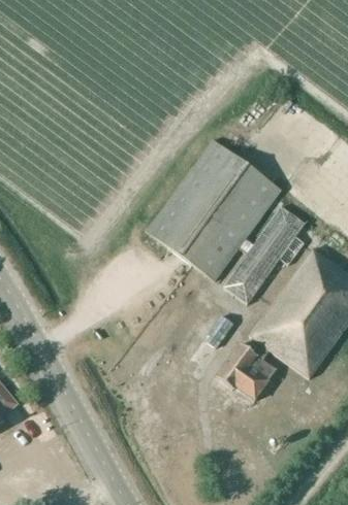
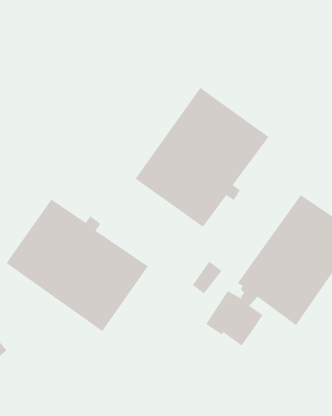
building: [221,204,307,305] -> none
building: none -> [6,198,149,332]

